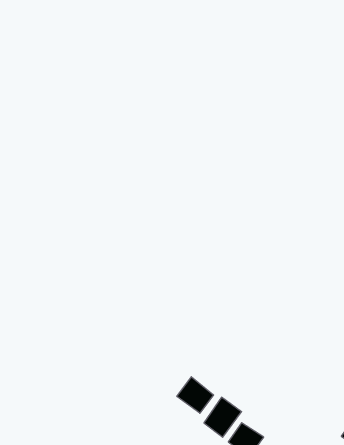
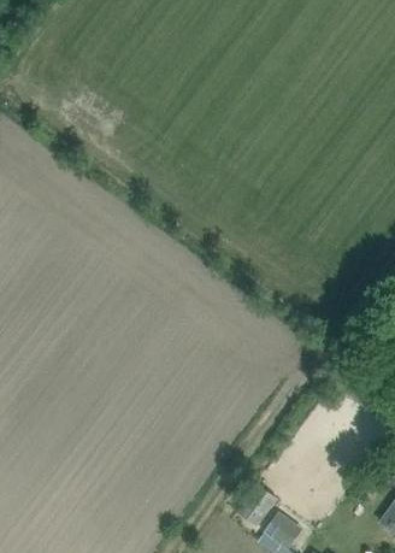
building: [177,377,214,413] -> none

